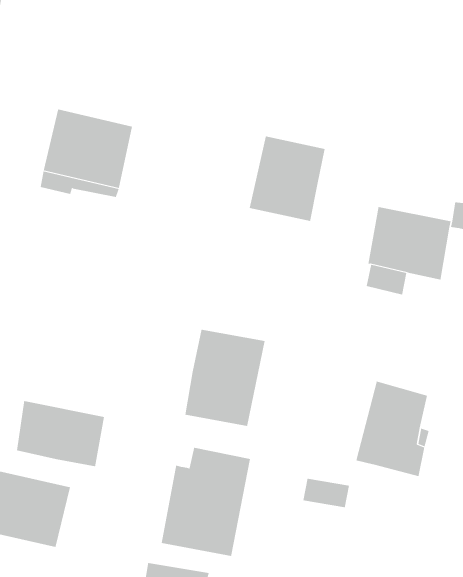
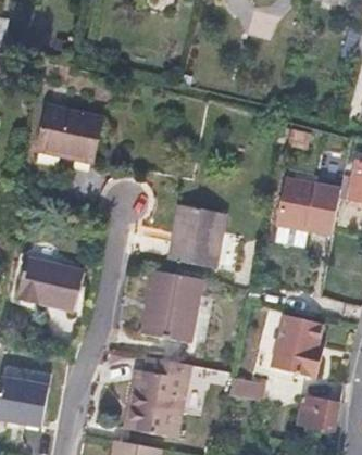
building: [249,136,326,221] -> [167,203,224,266]
building: [16,400,105,467] -> [18,258,84,307]
building: none -> [298,397,337,431]

